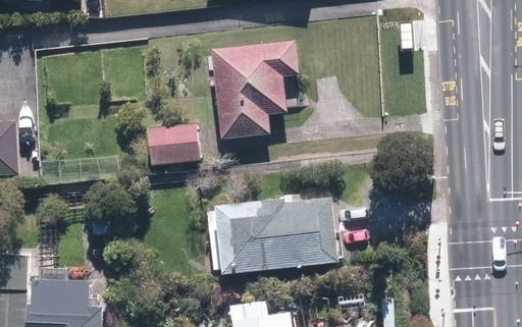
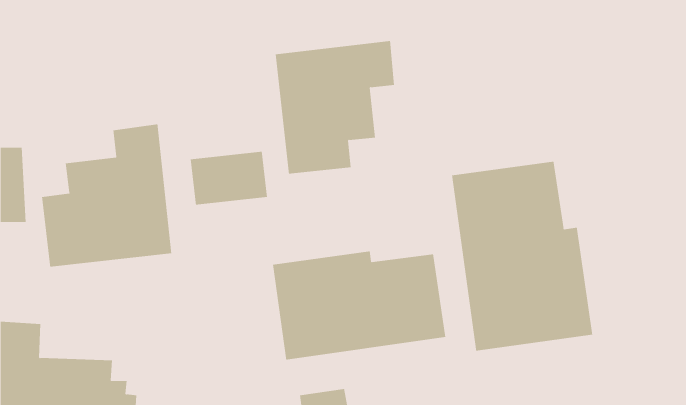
building: none -> [42,124,172,267]
building: none -> [451,161,593,352]

